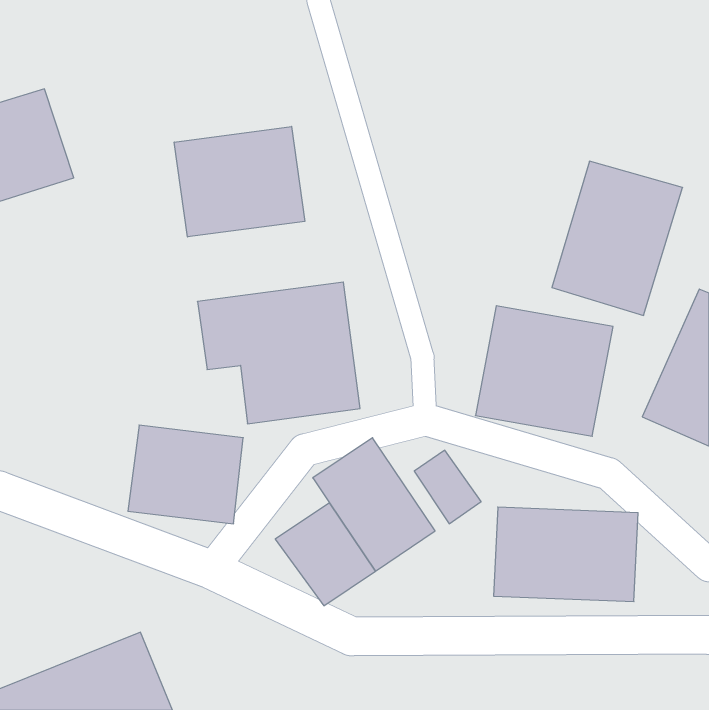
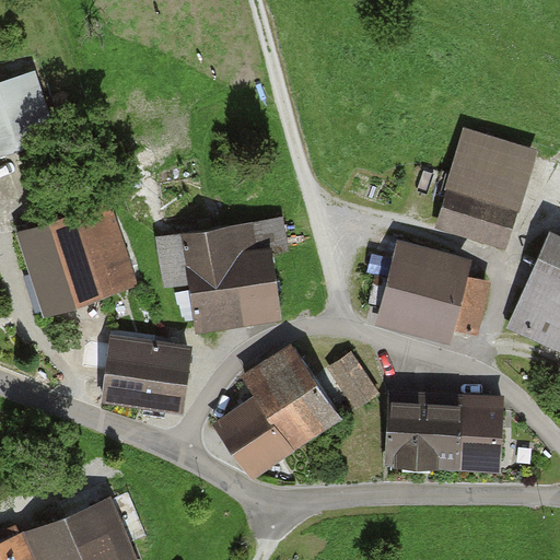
building: [174,126,305,237] -> none
building: none -> [16,201,137,316]

